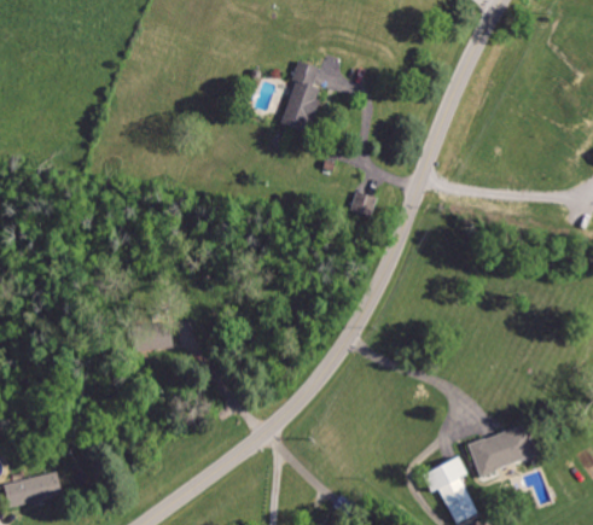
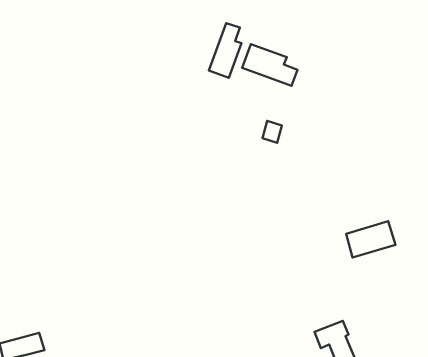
building: none -> [242,44,298,86]
building: [469,425,534,473] -> [346,221,396,258]

